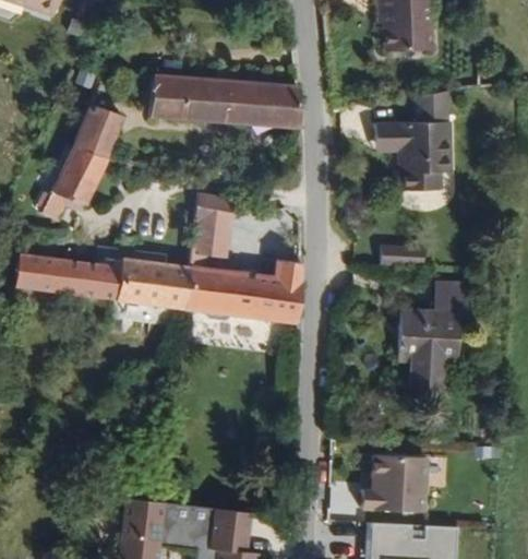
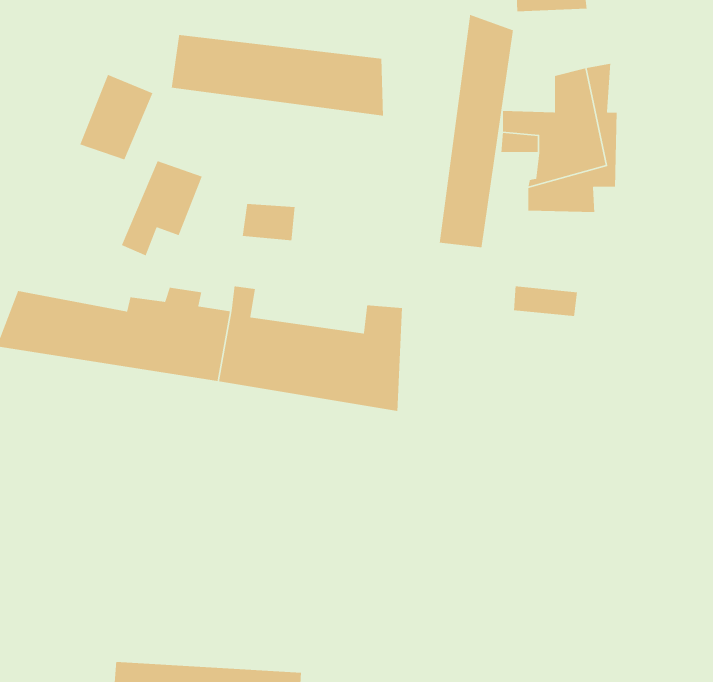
building: none -> [439,14,514,248]
building: [56,146,112,213] -> [121,160,203,257]
building: [188,210,228,248] -> none
building: [397,284,469,394] -> none
building: [362,454,428,512] -> none

